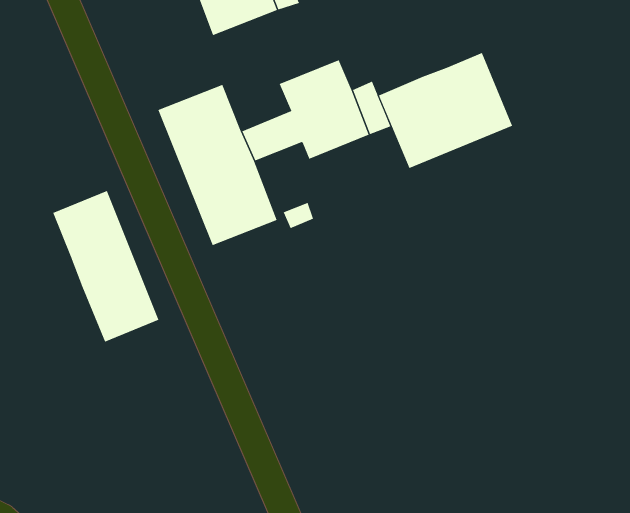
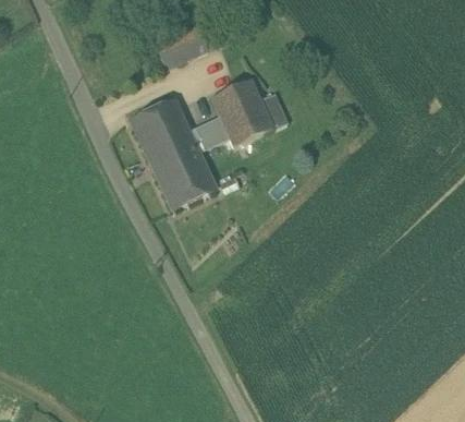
building: [378,52,513,169] -> none
building: [52,190,159,342] -> none

